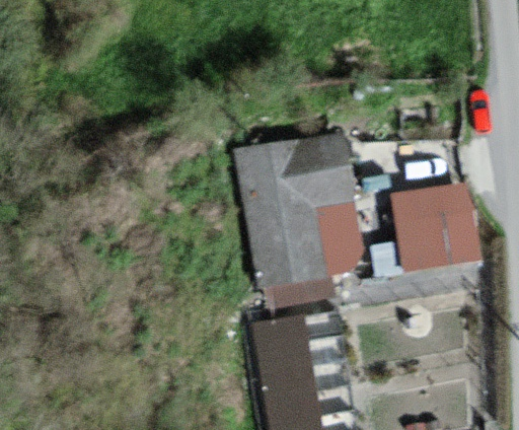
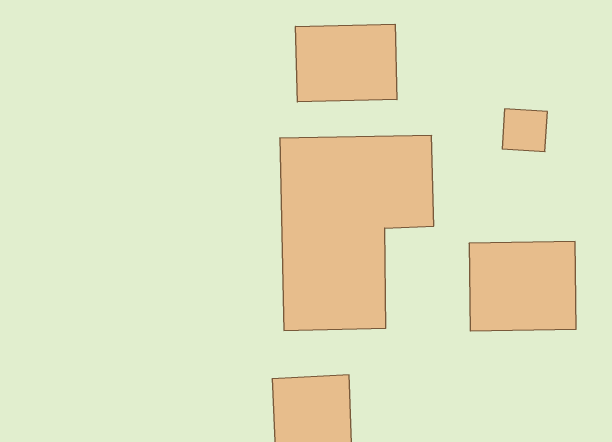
building: none -> [296,24,397,102]

